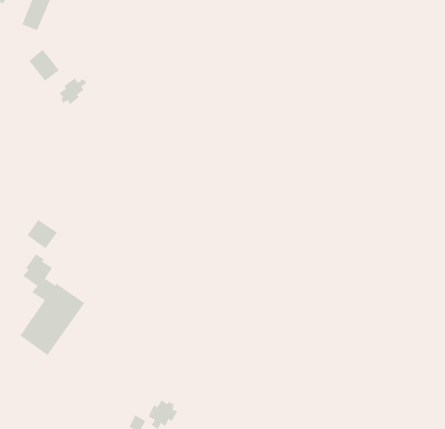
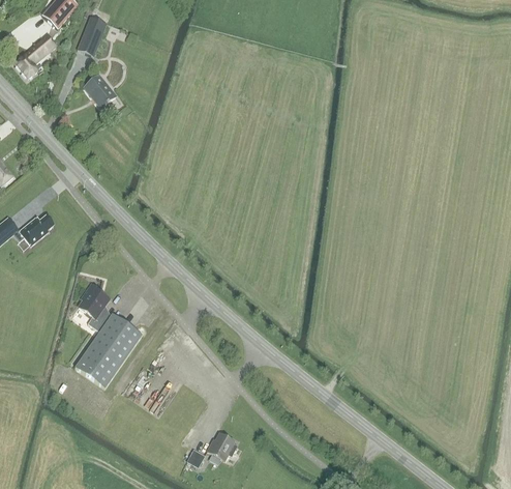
building: [59,78,87,105] -> none
building: [27,219,58,249] -> none

